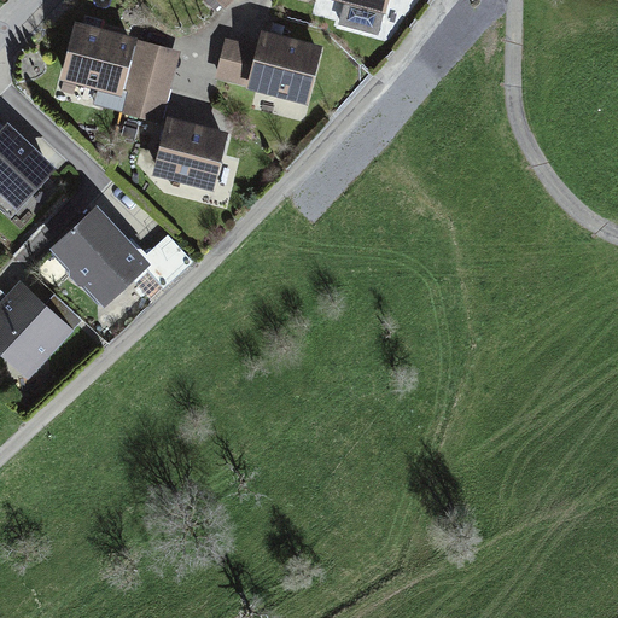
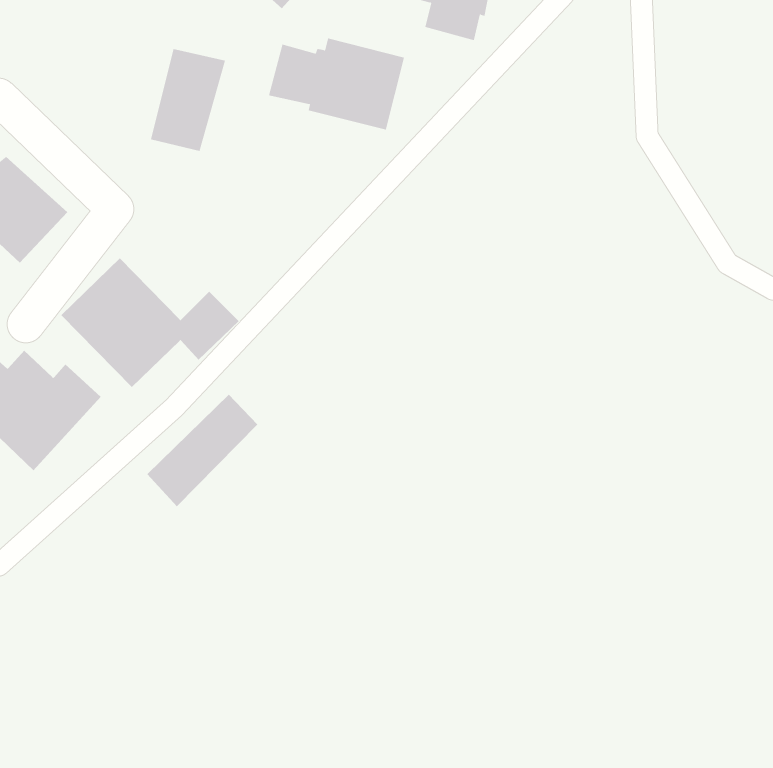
building: [58,23,135,97] -> none
building: [152,117,229,191] -> none
building: none -> [147,394,258,507]

